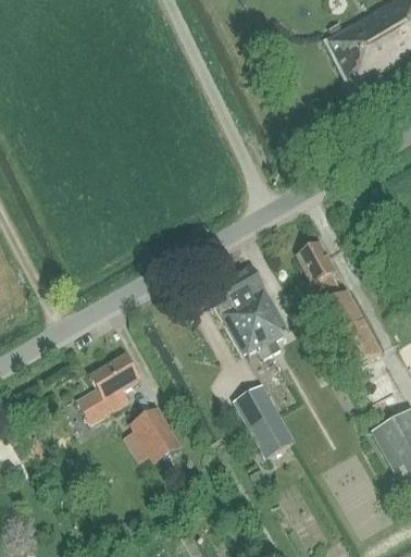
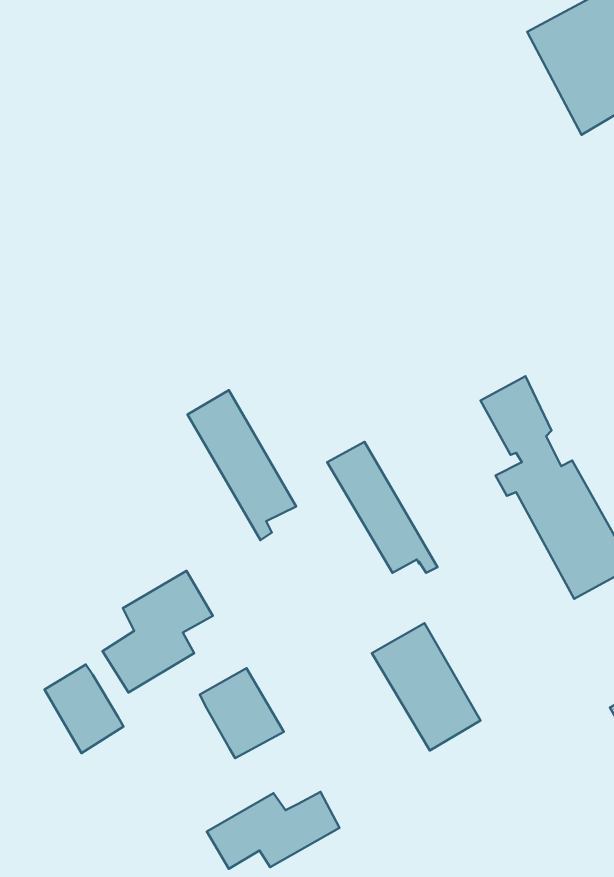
building: [227,263,290,350] -> [188,390,296,540]
building: none -> [44,664,124,753]
building: none -> [207,792,339,869]

